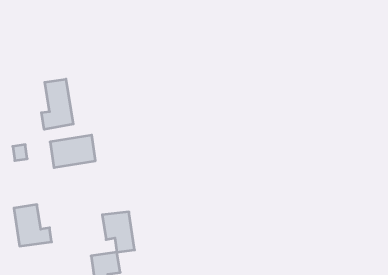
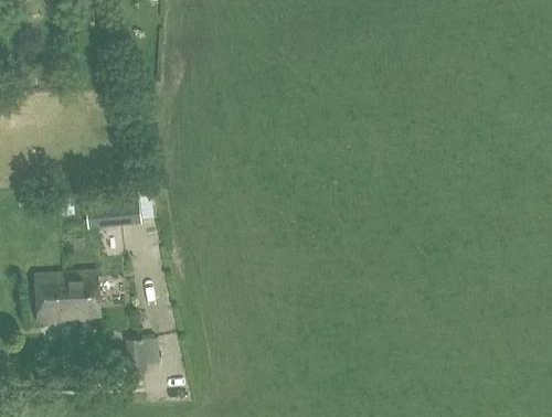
building: [41,79,73,129] -> none
building: [102,212,135,252] -> [61,271,97,320]

